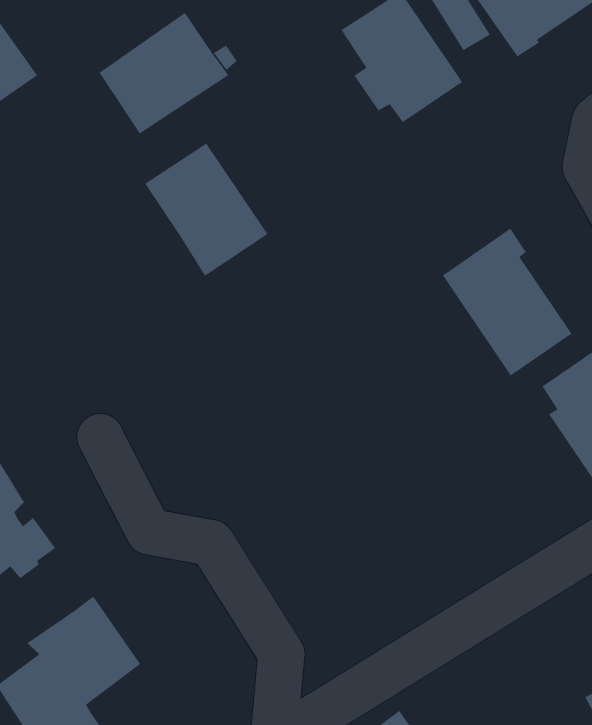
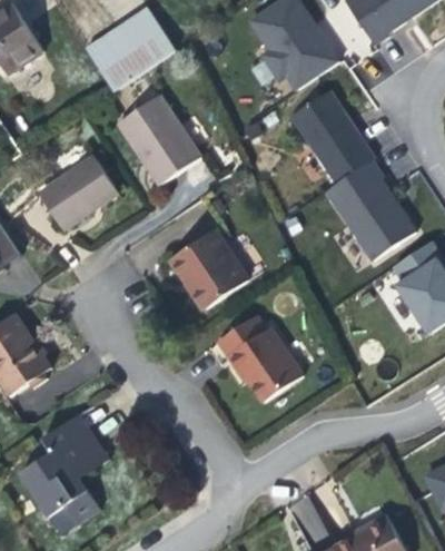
building: none -> [285,85,373,181]
building: none -> [40,161,121,234]
building: none -> [177,226,248,304]
building: none -> [216,314,299,400]

